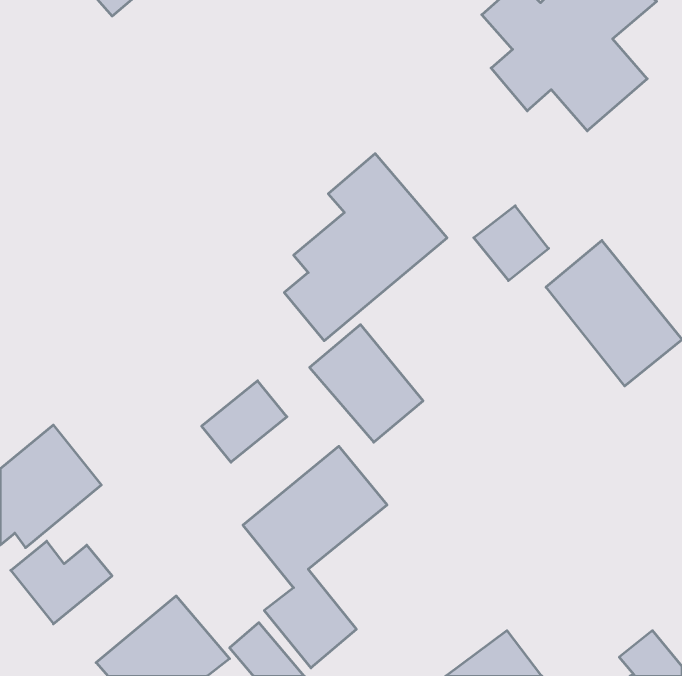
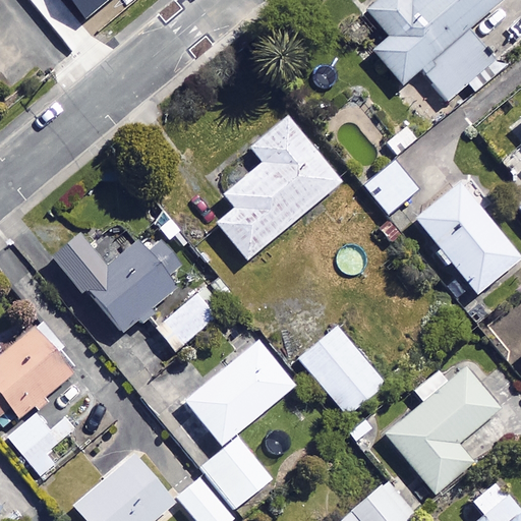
building: none -> [53,227,178,333]
building: [310,325,423,442] -> [298,326,385,415]
building: none -> [384,367,499,491]

